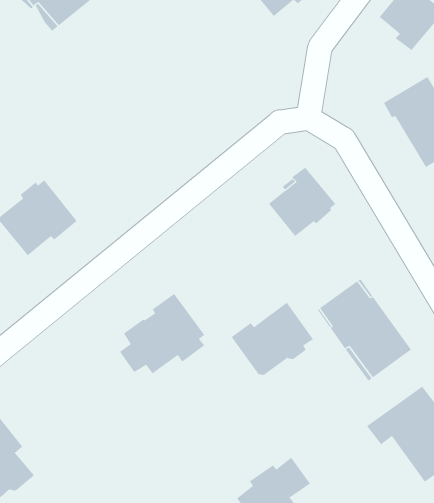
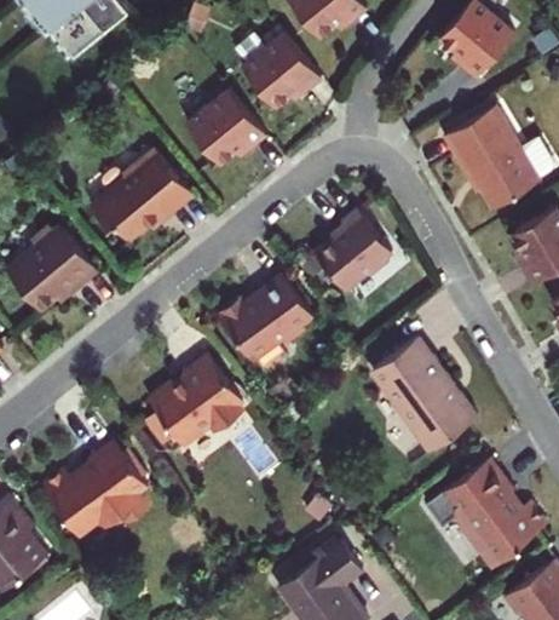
building: none -> [235,33,321,108]
building: none -> [186,90,266,165]
building: none -> [91,149,192,241]
building: [231,302,314,375] -> [218,275,312,358]
building: none -> [42,441,146,536]

